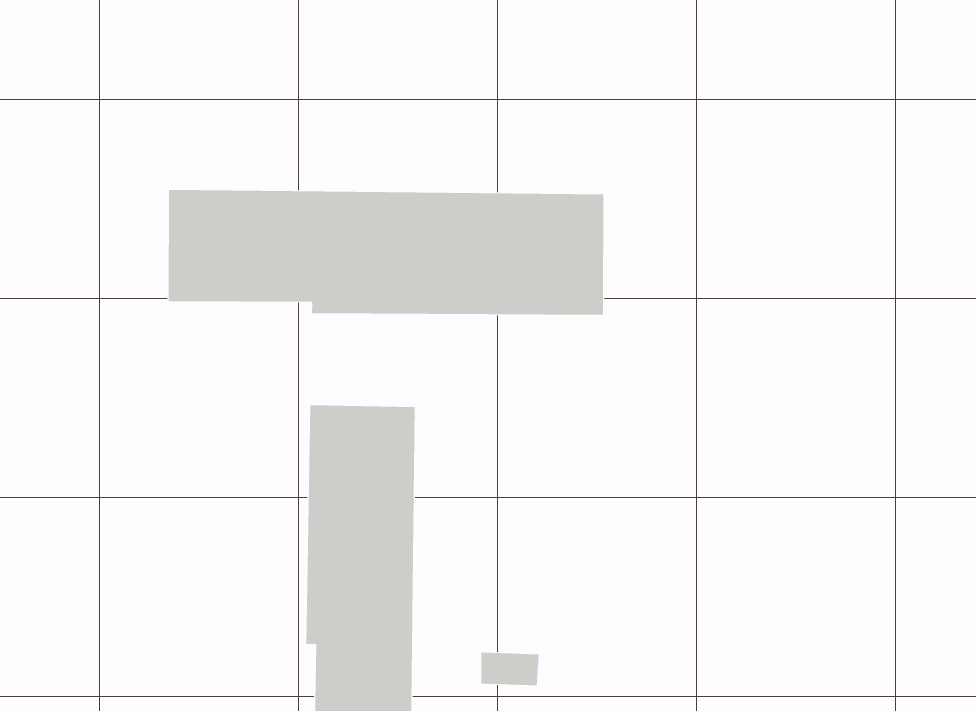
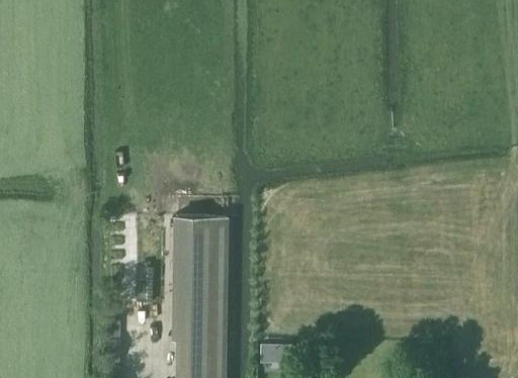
building: [168,189,604,316] -> none

